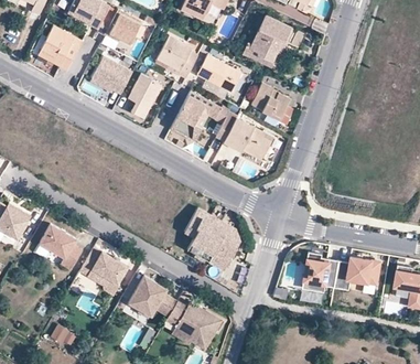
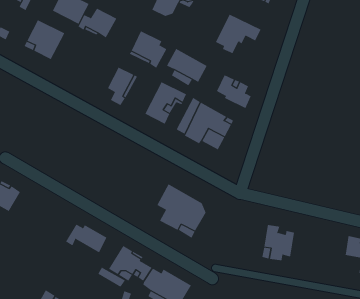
building: [89,55,131,94] -> none
building: [41,225,84,271] -> none
building: [335,259,381,292] -> none

